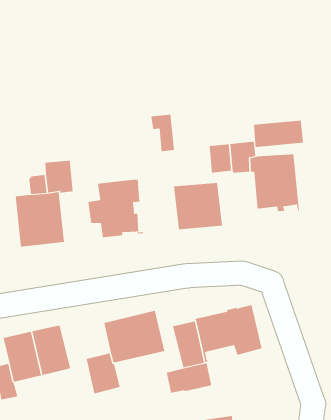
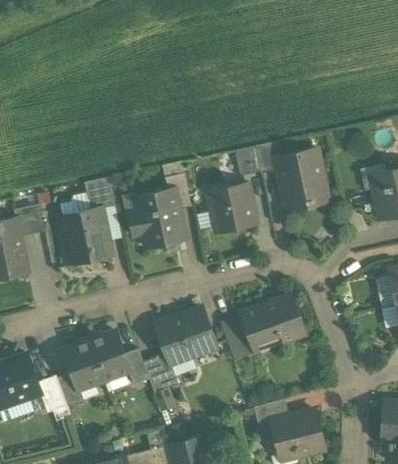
building: [151,114,175,152] -> [164,173,190,209]
building: [253,120,304,148] -> none
building: none -> [123,348,148,385]
building: [166,362,212,393] -> none

